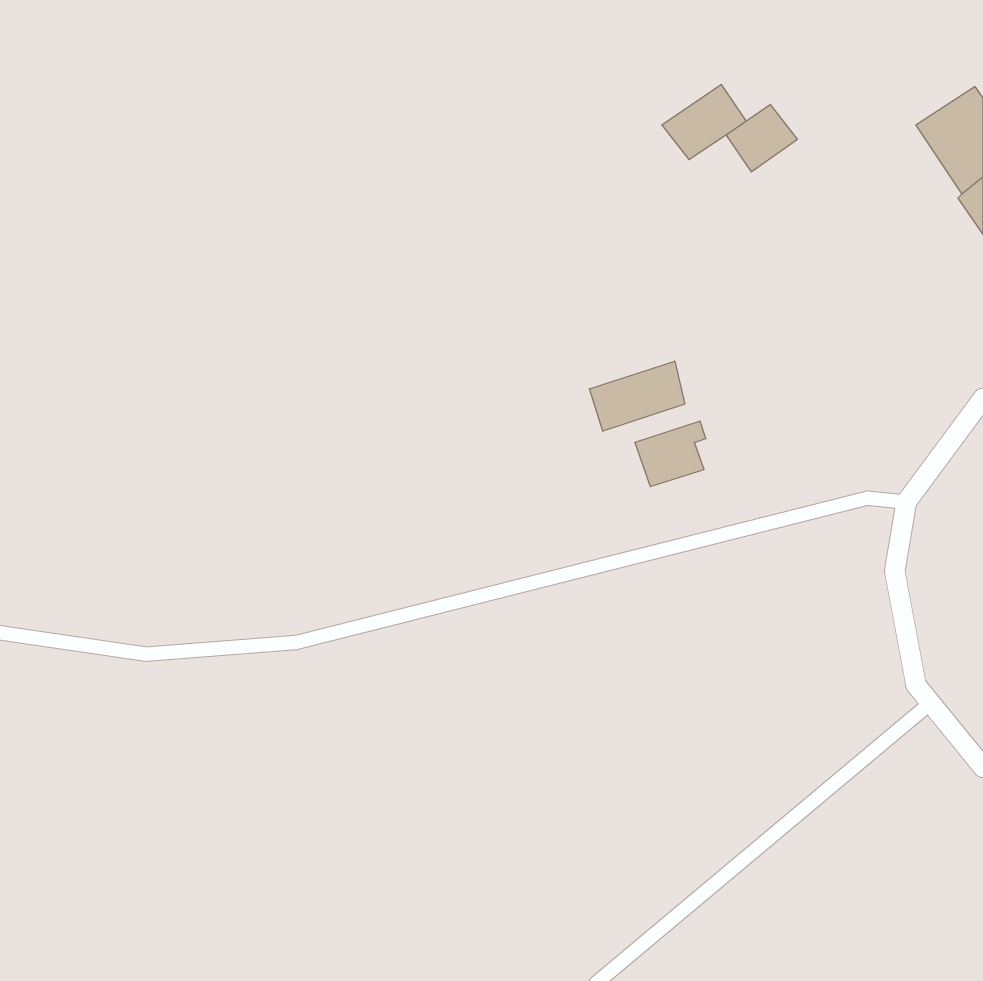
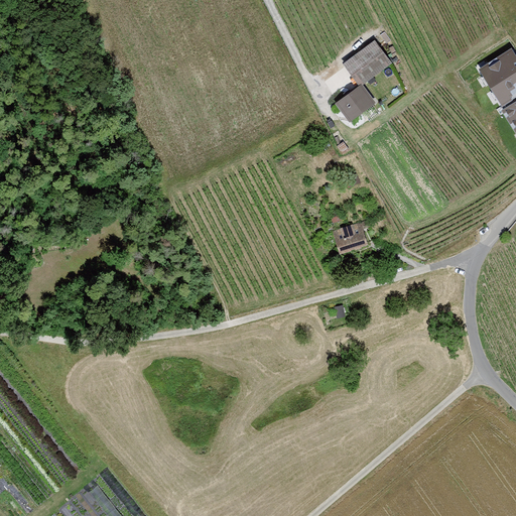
building: [726,104,797,172] -> [338,85,375,120]
building: [589,361,685,431] -> none

